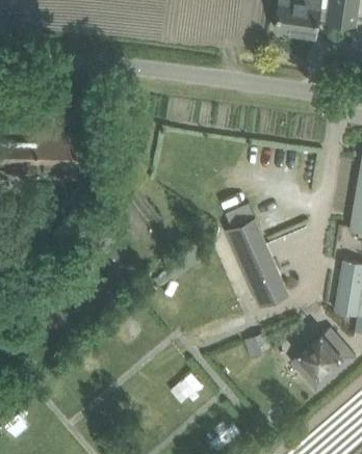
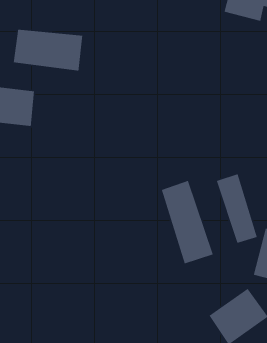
building: none -> [13,29,83,71]
building: none -> [216,173,258,244]

